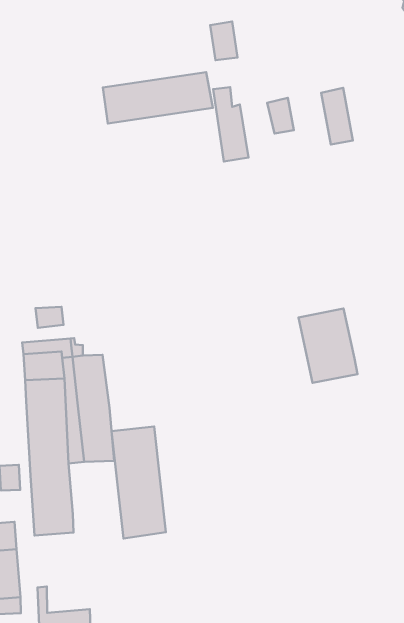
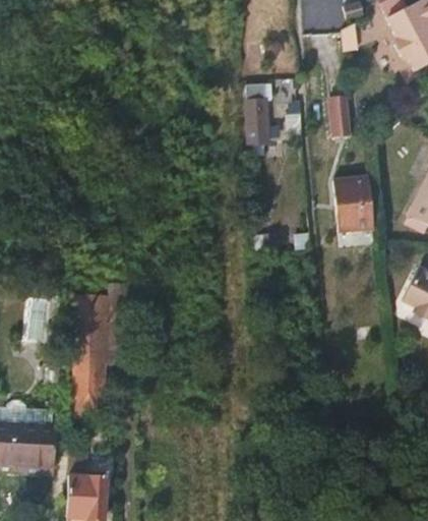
building: [103,72,213,123] -> none
building: [299,309,357,383] -> [331,179,372,234]
building: [112,427,166,538] -> none

